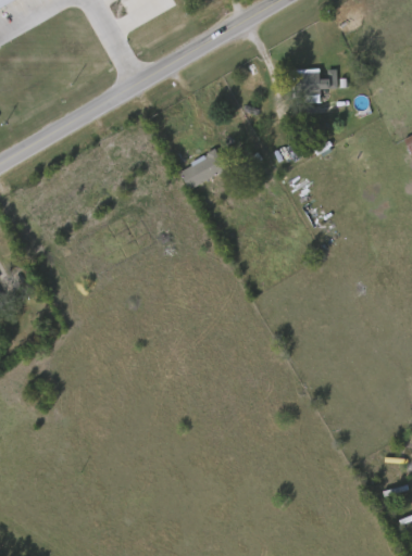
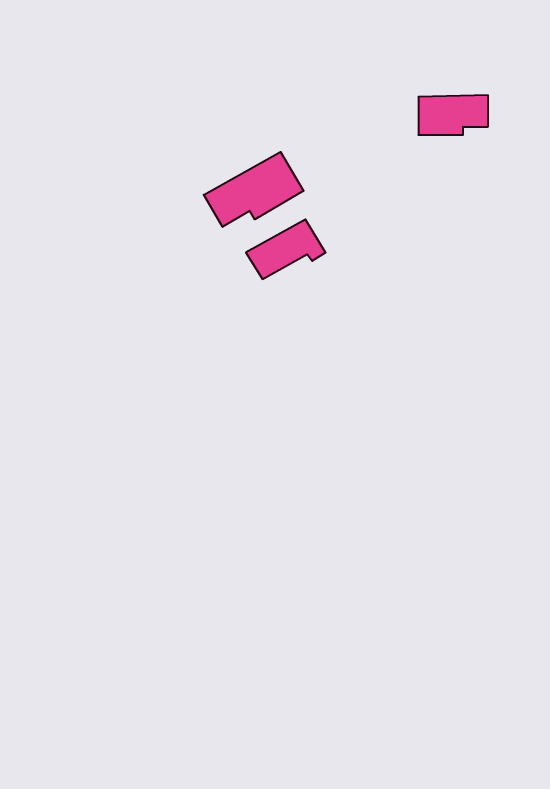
building: none -> [204,152,304,227]

